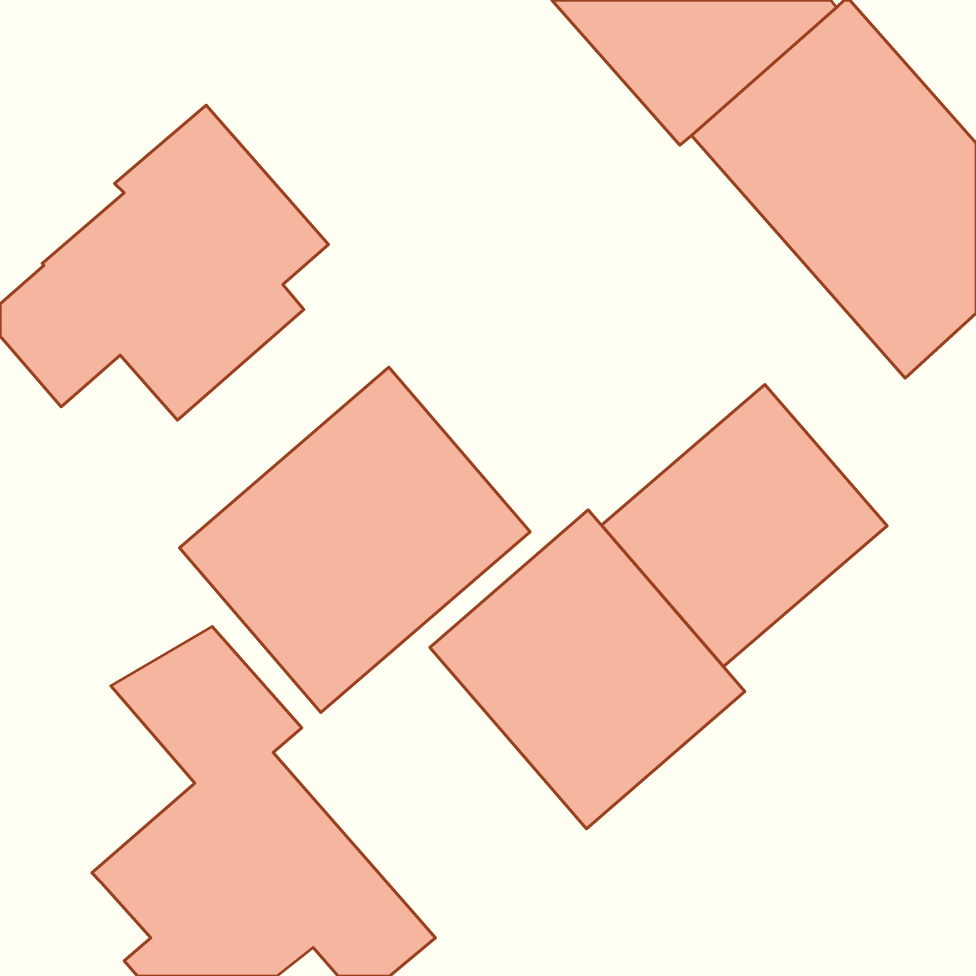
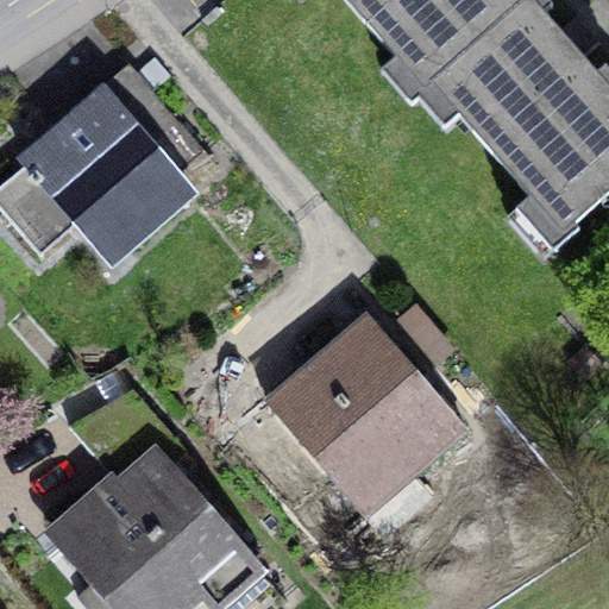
building: [180,367,530,712] -> none
building: [601,384,887,667] -> none

